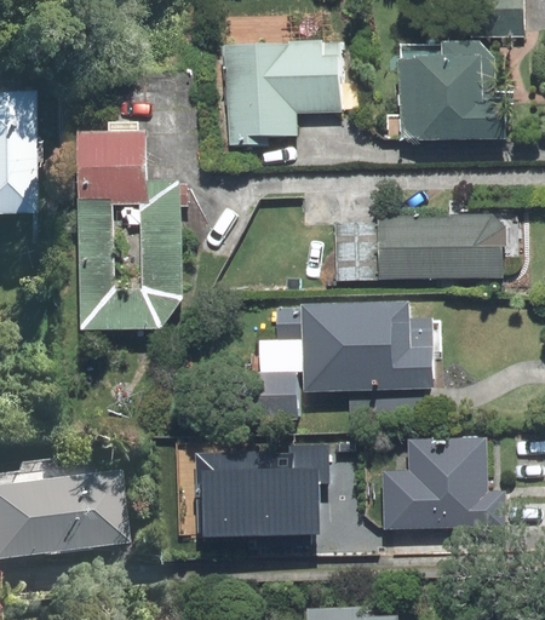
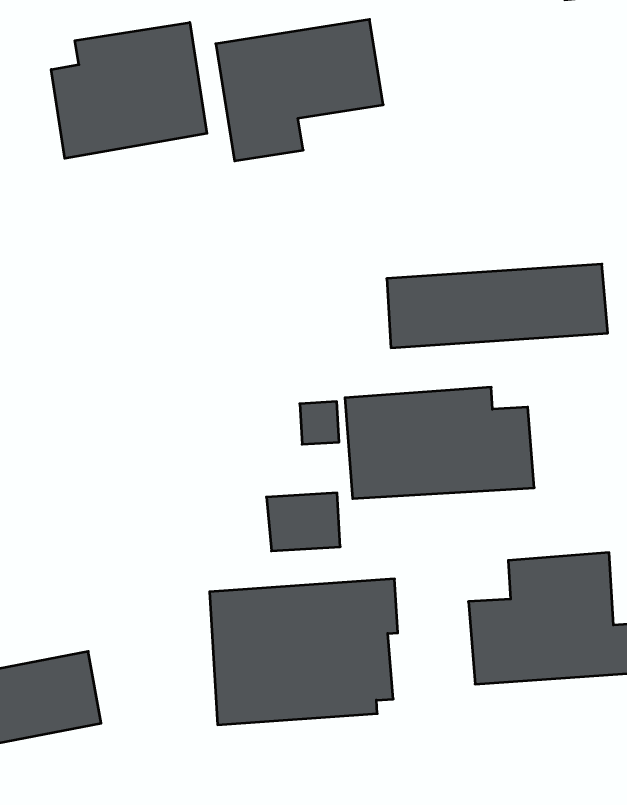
building: none -> [51,22,207,158]
building: [405,61,486,139] -> none
building: [76,138,179,332] -> none

